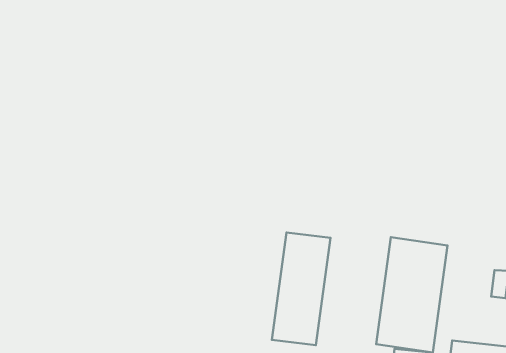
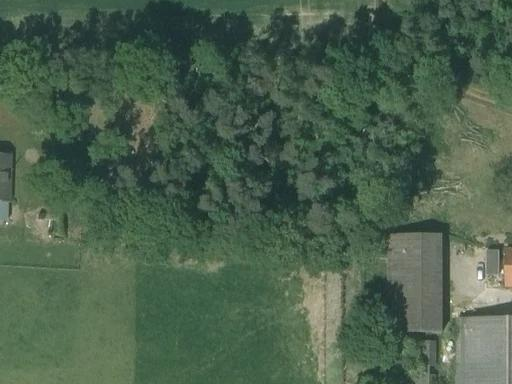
building: [272,232,330,345] -> none

